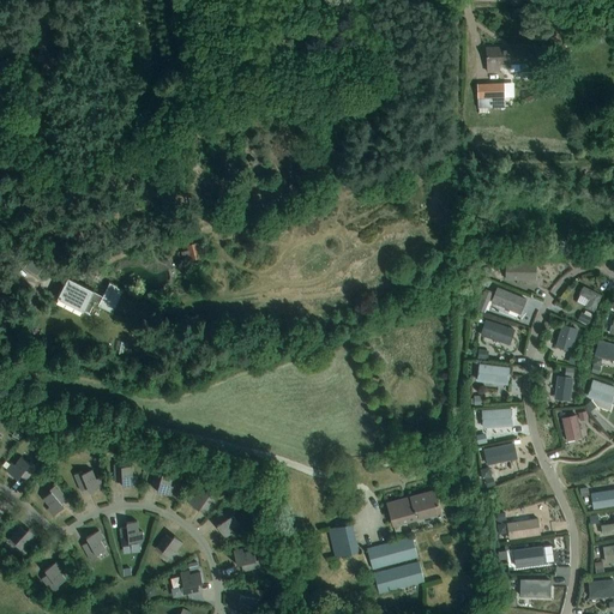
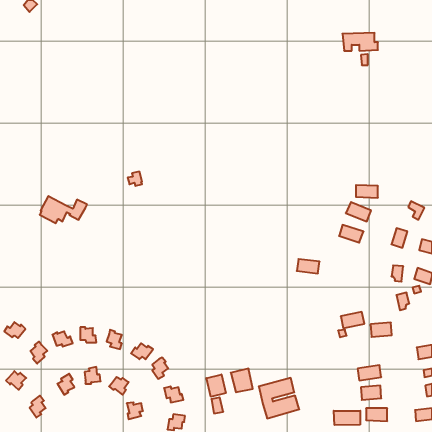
building: [477,83,505,108] -> none
building: [477,363,510,384] -> [297,259,320,273]
building: [482,408,512,428] -> [371,323,392,337]
building: [387,490,440,525] -> none
building: none -> [206,374,226,397]
building: none -> [334,411,360,425]

